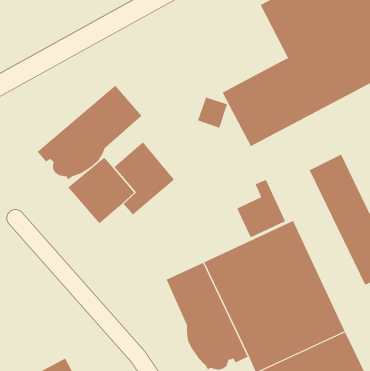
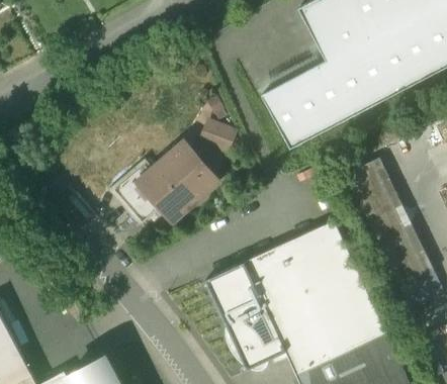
building: [37,85,142,180] -> none
building: [197,97,228,129] -> [200,119,231,151]
building: [237,179,286,238] -> none

